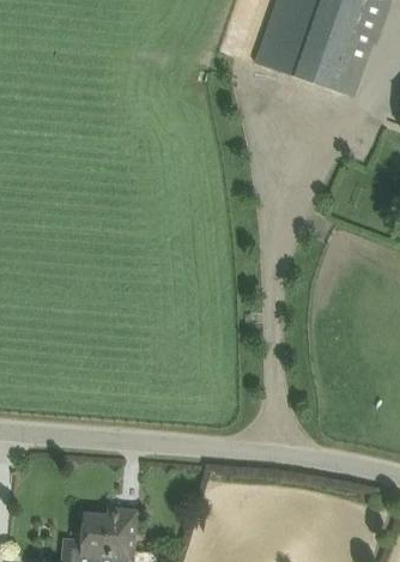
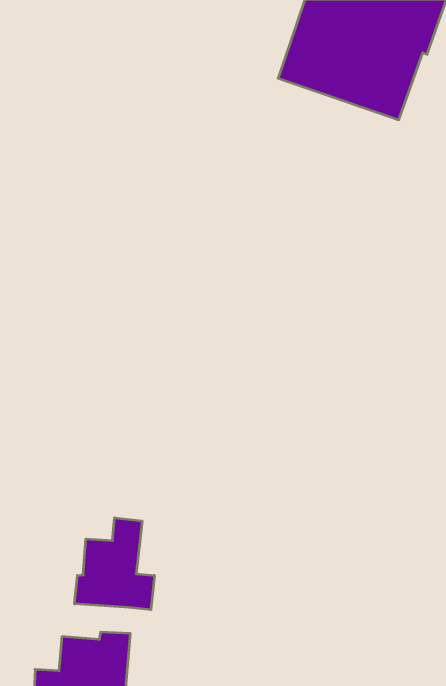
building: none -> [75,518,154,610]

